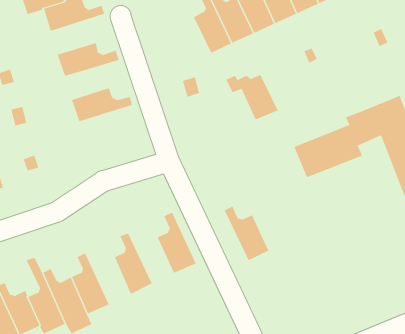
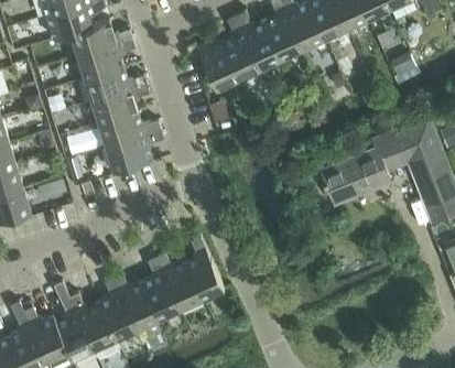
building: none -> [78,40,136,80]
building: none -> [93,86,150,126]
building: [226,74,278,120] -> [186,43,239,89]
building: none -> [107,131,164,172]
building: [224,206,269,261] -> [156,255,202,310]
building: none -> [113,274,159,331]

